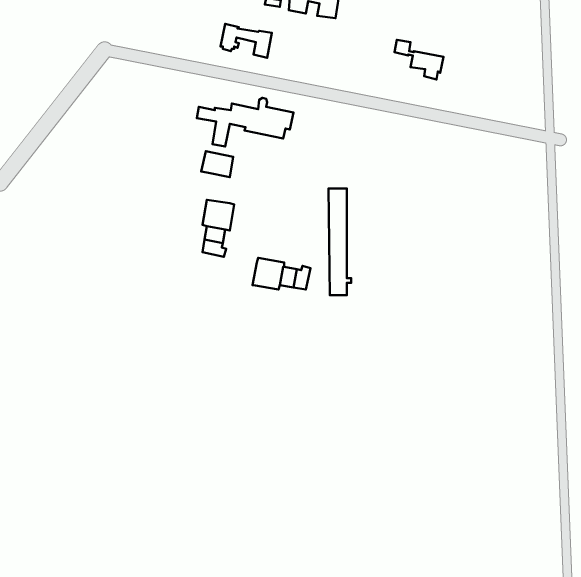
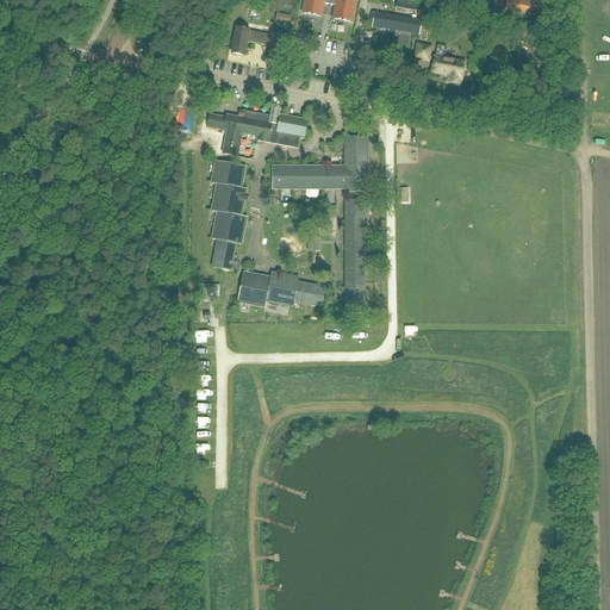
building: none -> [371,10,421,51]
building: none -> [272,135,366,189]
building: none -> [211,181,245,213]
building: none -> [237,270,269,304]

